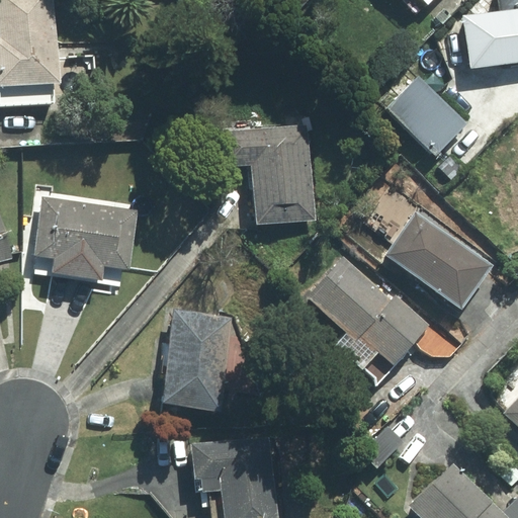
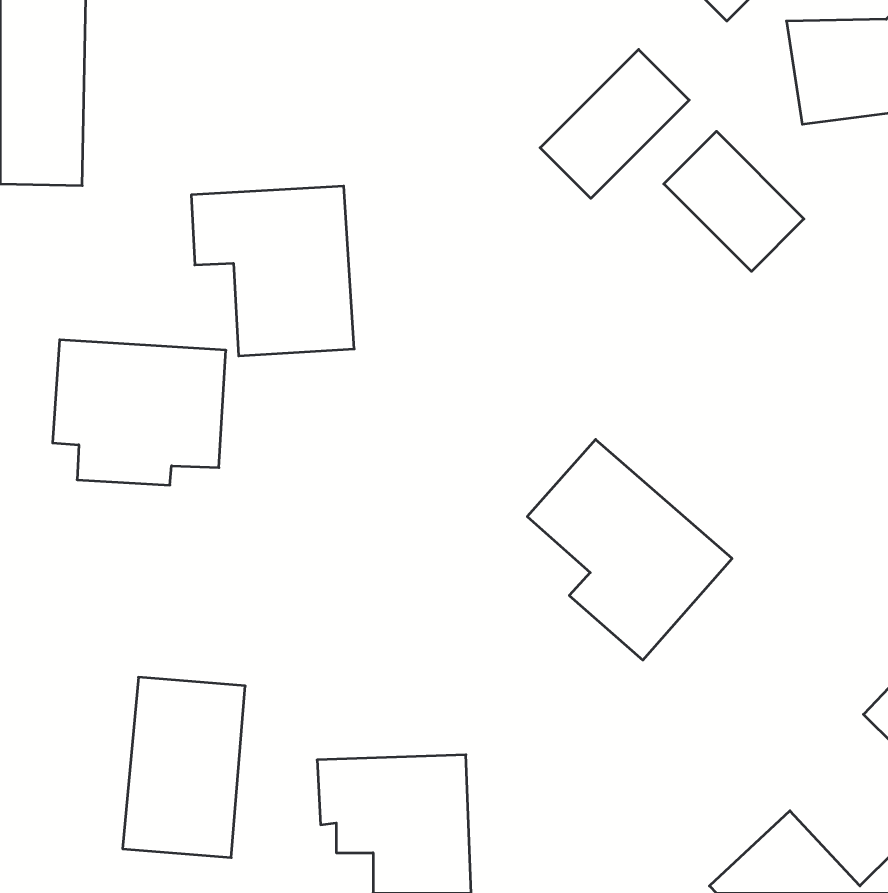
building: none -> [540,49,689,198]
building: [224,125,318,224] -> [191,186,354,356]
building: [379,207,495,313] -> none
building: [162,309,233,413] -> [123,677,245,858]

